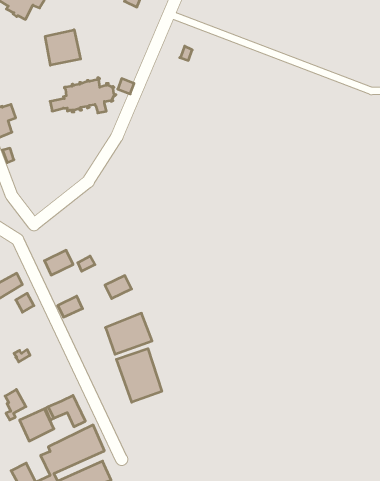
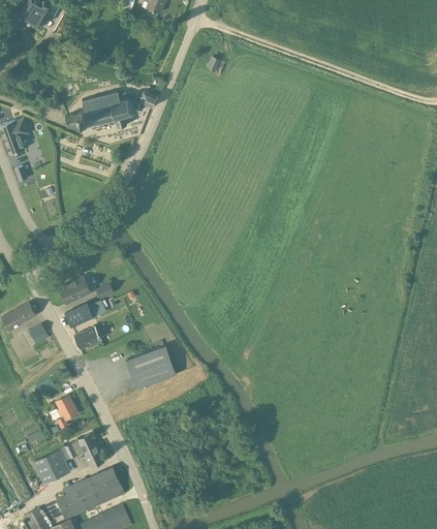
building: [45,30,81,65] -> none
building: [105,276,132,299] -> [65,303,94,328]
building: [116,349,162,402] -> none
building: [5,389,26,420] -> [56,395,79,428]

